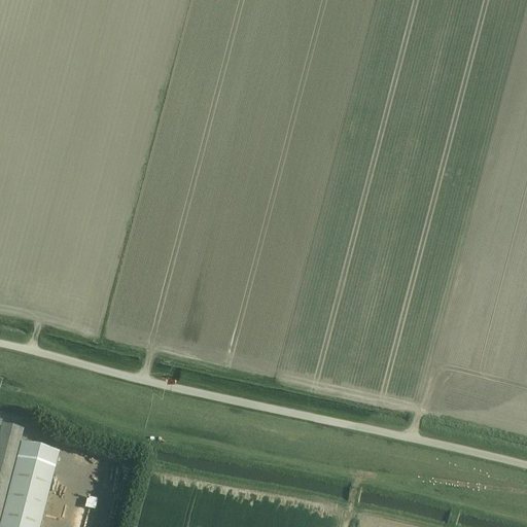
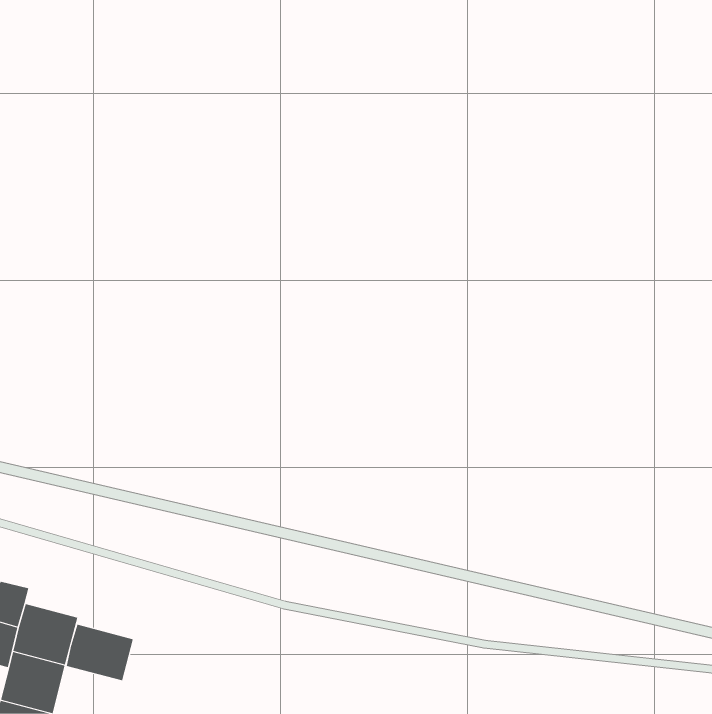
building: none -> [66,624,134,681]

